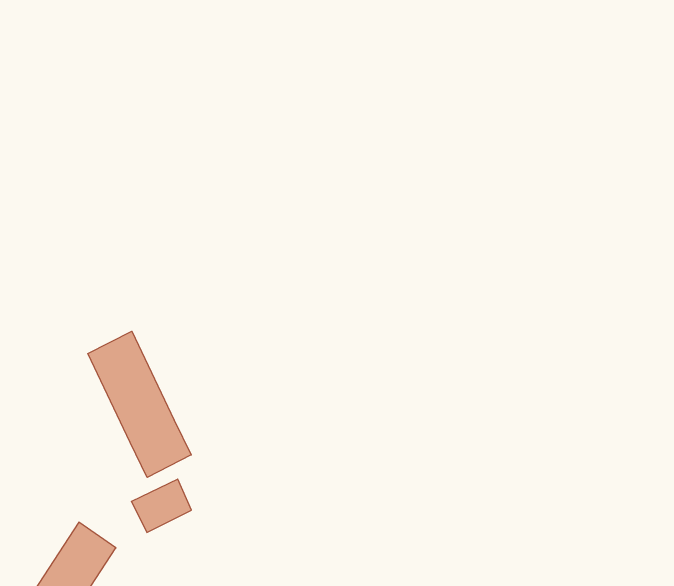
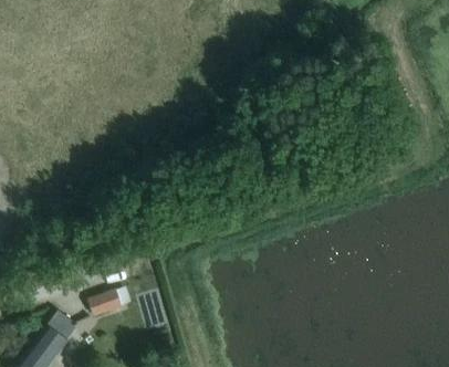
building: [88,331,191,477] -> none

